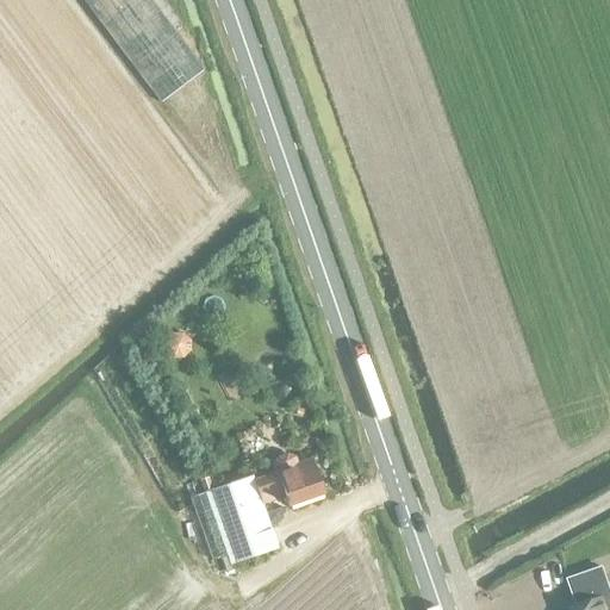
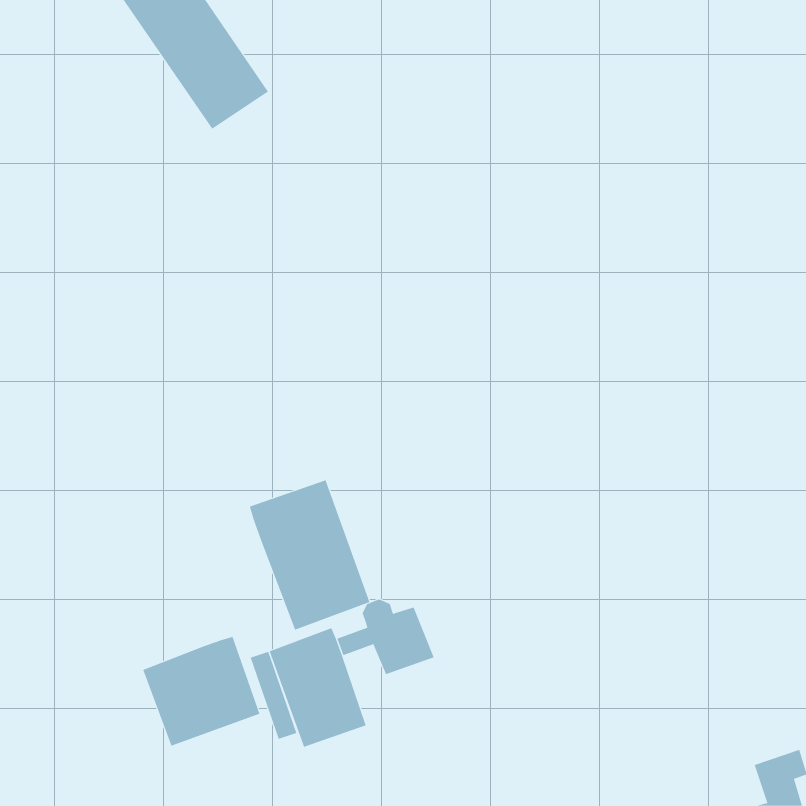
building: none -> [249,480,370,630]
building: none -> [143,636,260,746]

